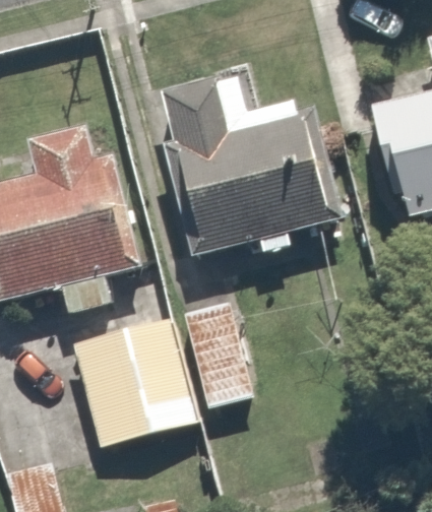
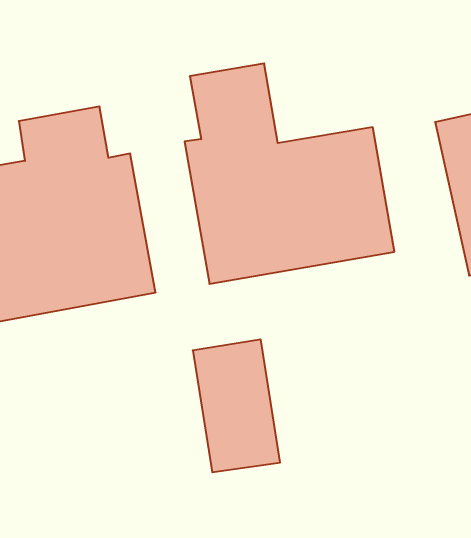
building: [71,314,204,450] -> none

